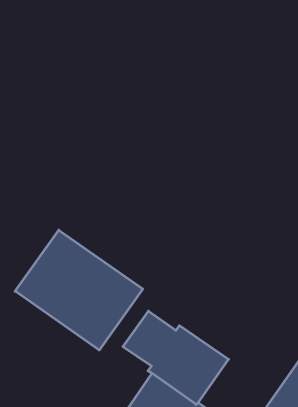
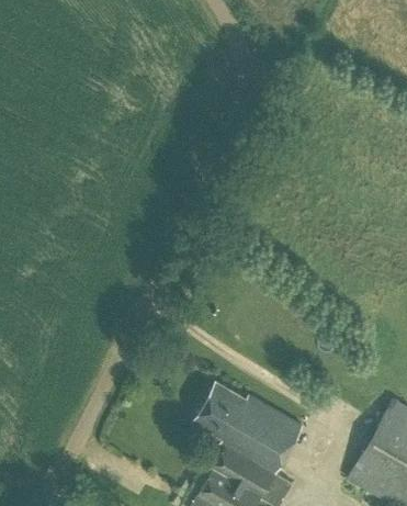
building: [15,230,143,350] -> none

